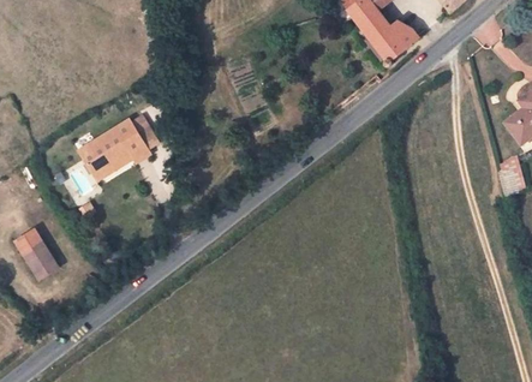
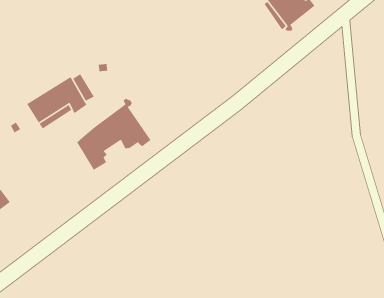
building: none -> [76,98,152,171]

